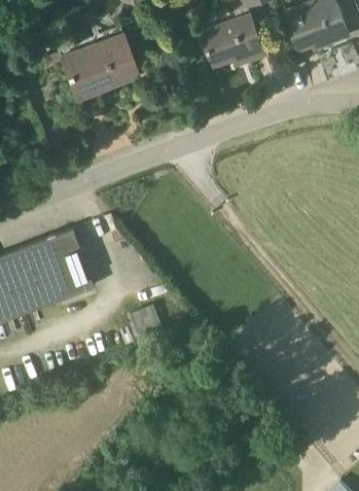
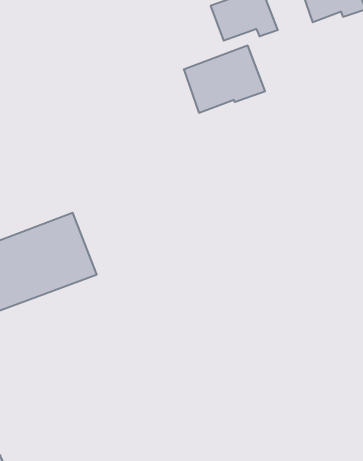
building: [62,35,139,99] -> [184,46,265,113]
building: [130,306,161,339] -> none

